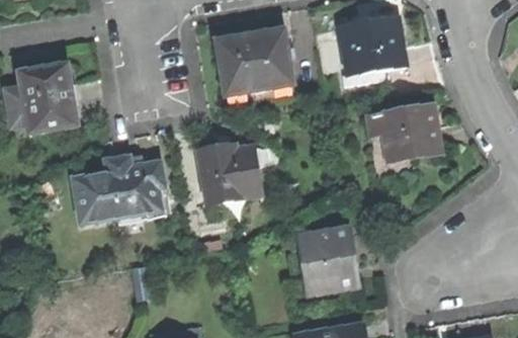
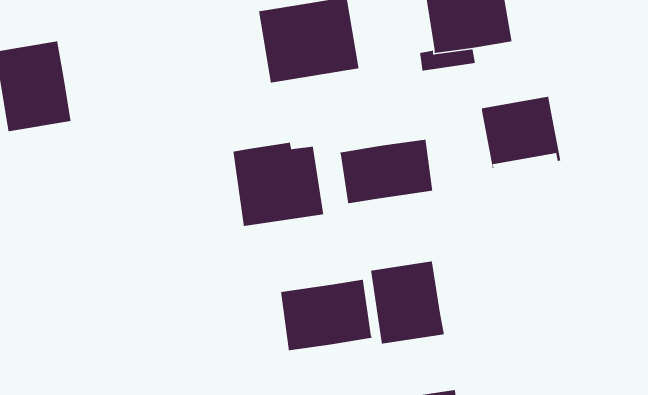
building: none -> [339,139,433,204]
building: [74,157,163,221] -> none
building: none -> [280,279,373,351]

